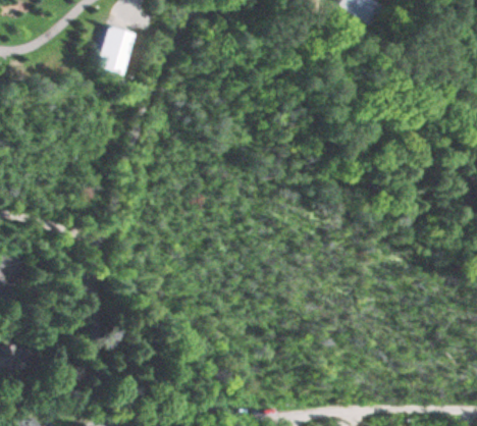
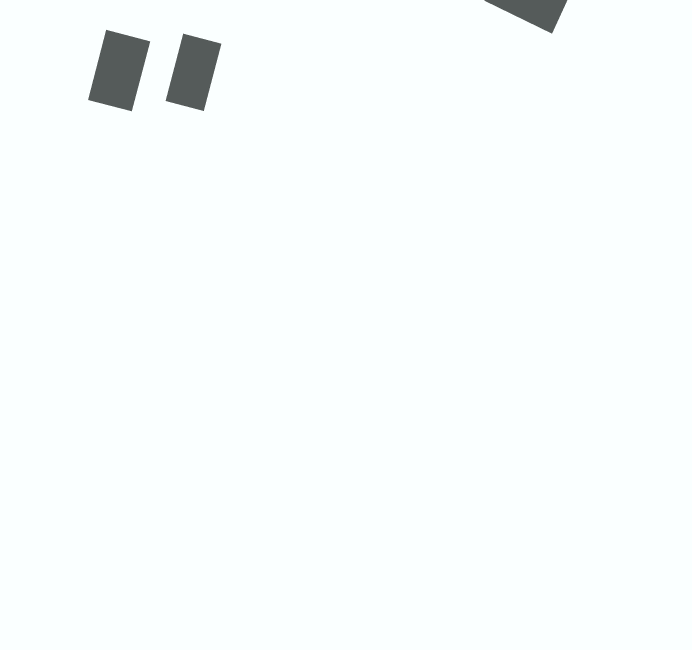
building: none -> [165,33,222,112]

